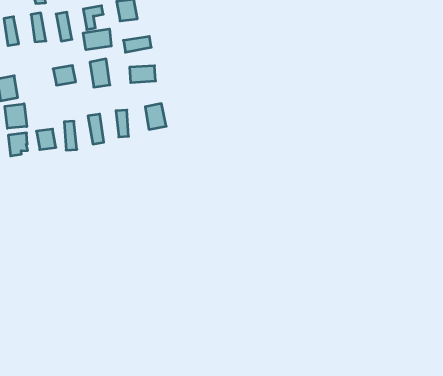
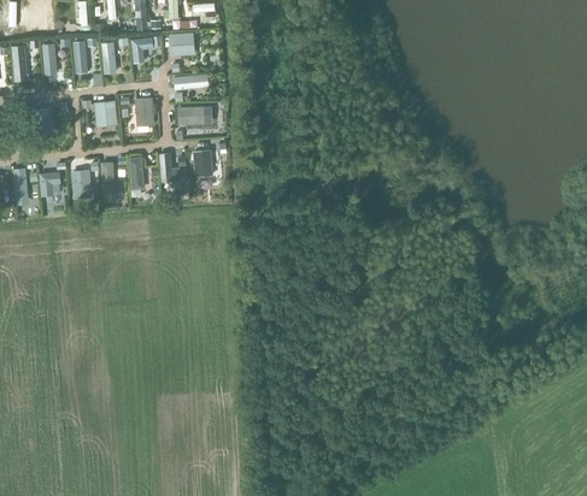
building: [83,29,111,50] -> none
building: [5,104,27,128] -> none

